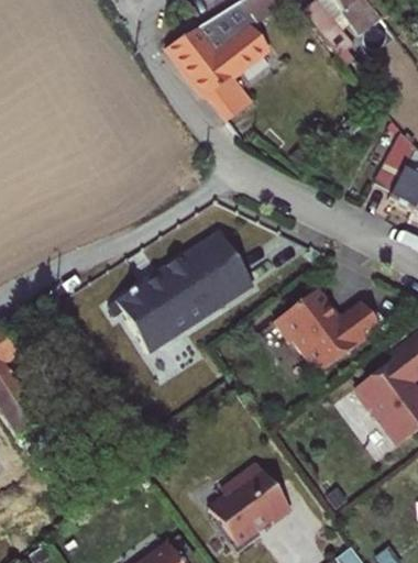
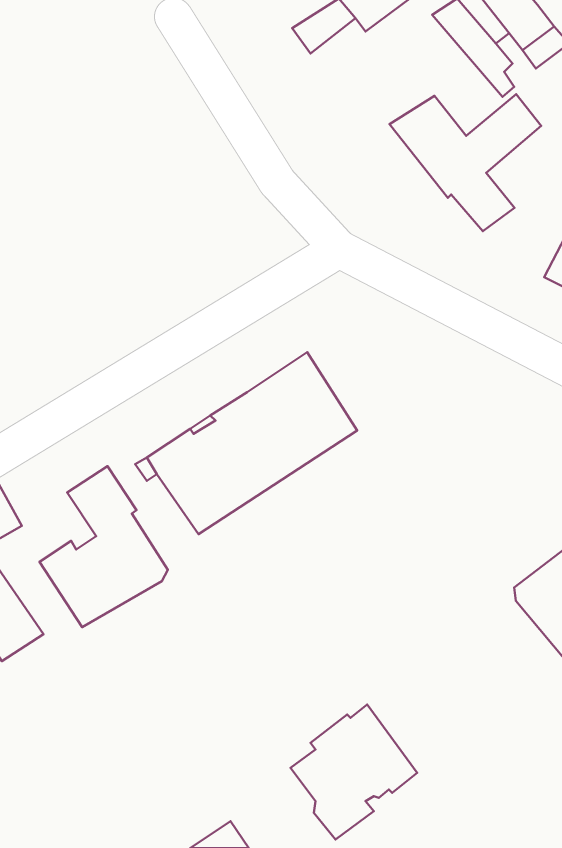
building: [167,25,267,115] -> [389,94,541,231]
building: [274,288,381,373] -> none
building: none -> [40,466,168,627]

